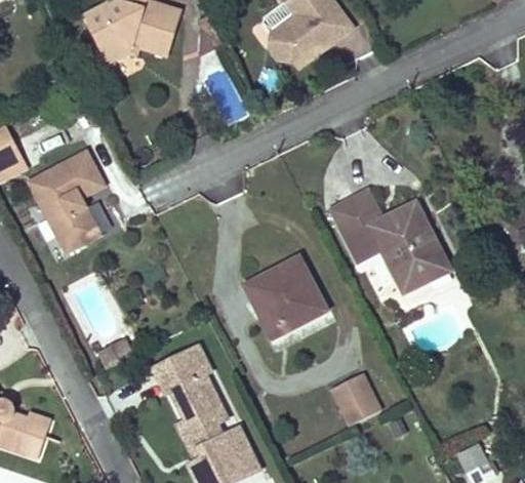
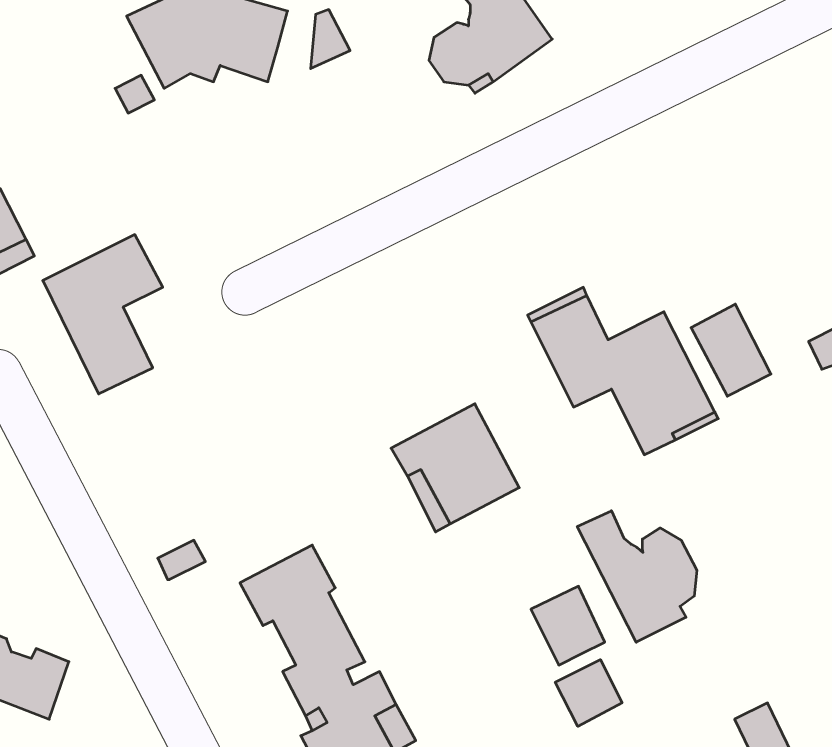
building: none -> [691,304,771,396]
building: none -> [577,511,697,642]
building: none -> [555,660,622,726]

